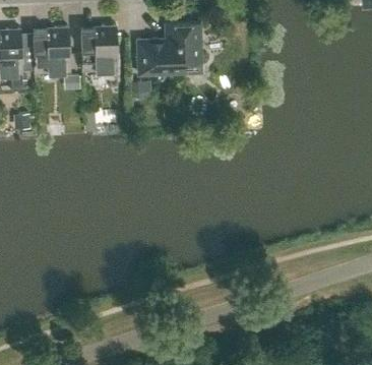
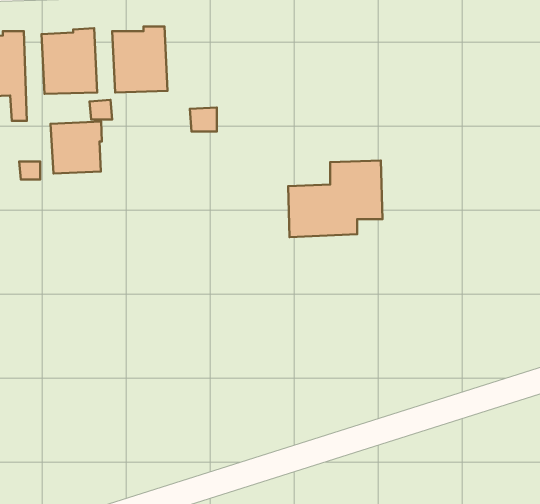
building: [137,22,201,74] -> [288,161,382,237]
building: none -> [50,121,102,174]

